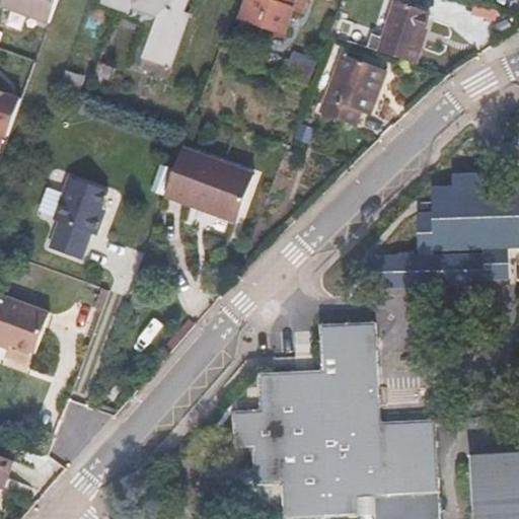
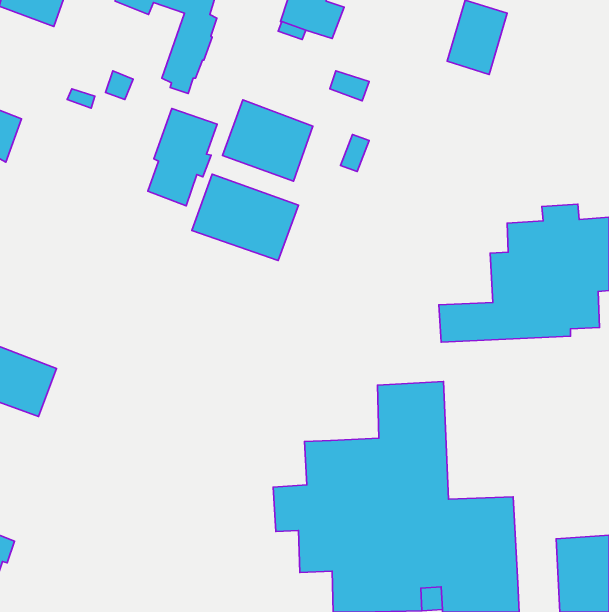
building: [318,54,385,126] -> none
building: none -> [223,100,313,181]
building: [51,177,109,260] -> [148,109,217,206]

